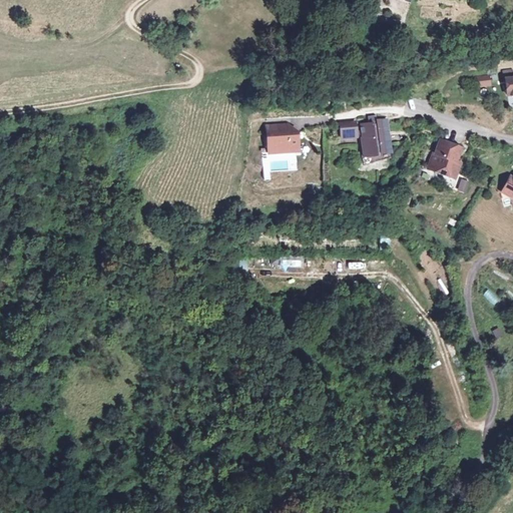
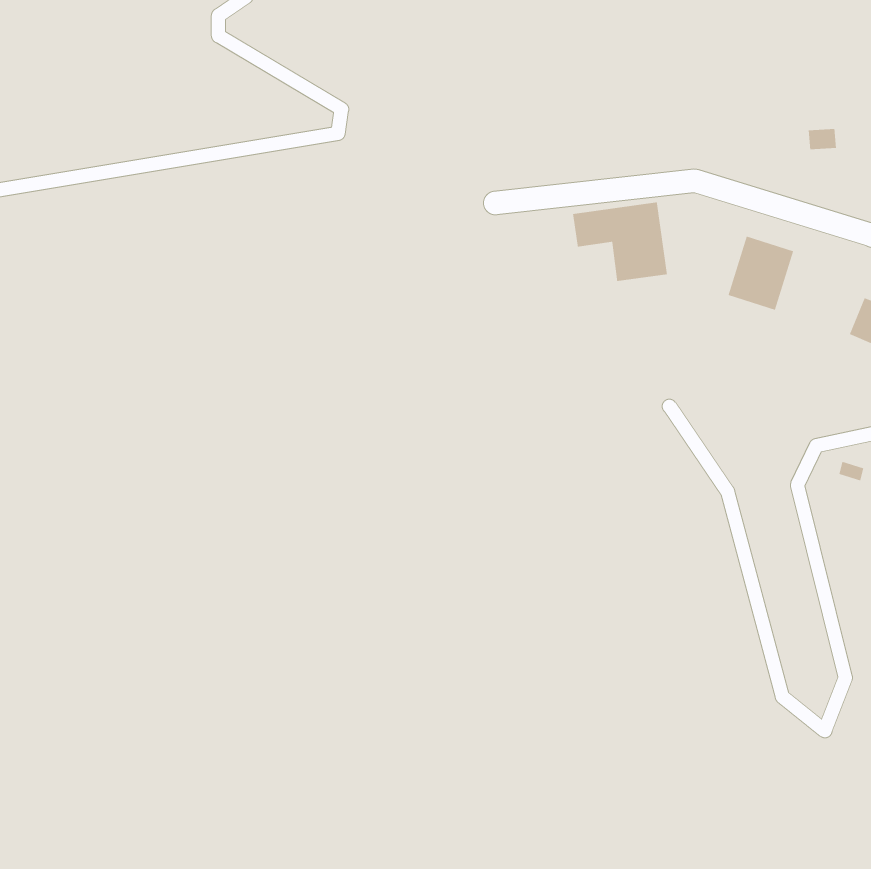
building: [269,121,300,149] -> none

